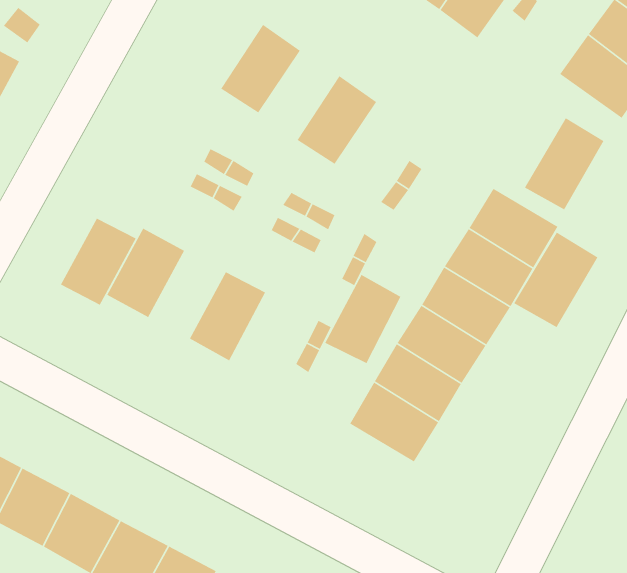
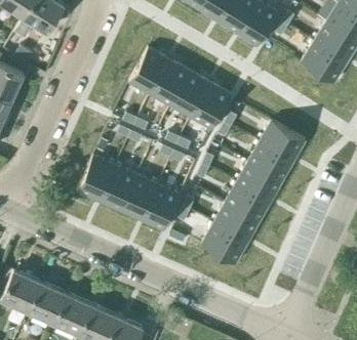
building: none -> [148,58,188,104]
building: none -> [189,82,230,128]
building: [524,117,604,210] -> none
building: [60,217,137,306] -> [98,165,136,210]
building: [513,231,599,328] -> none
building: [324,274,402,364] -> [142,183,180,229]

